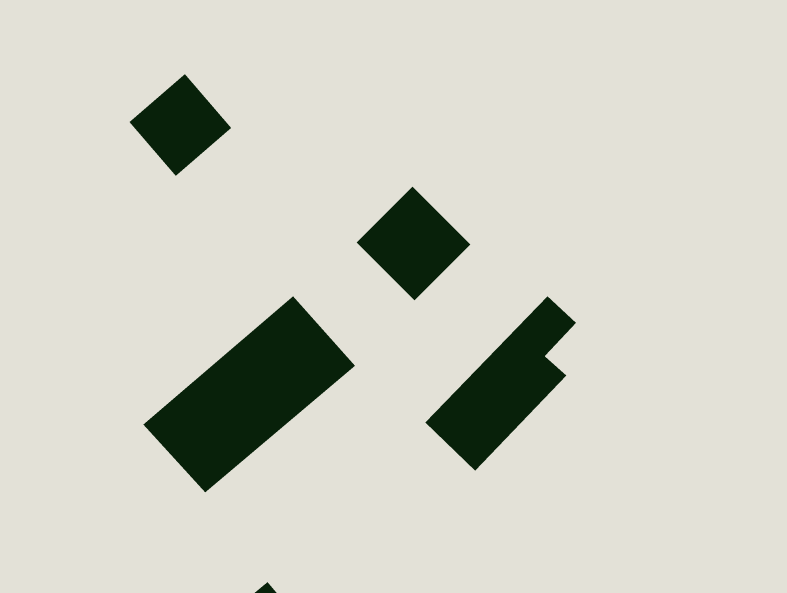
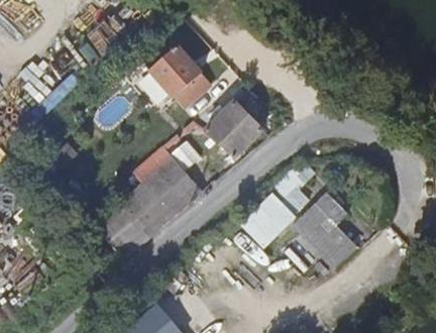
building: [128,73,232,177] -> [147,43,201,97]
building: none -> [292,193,356,266]

